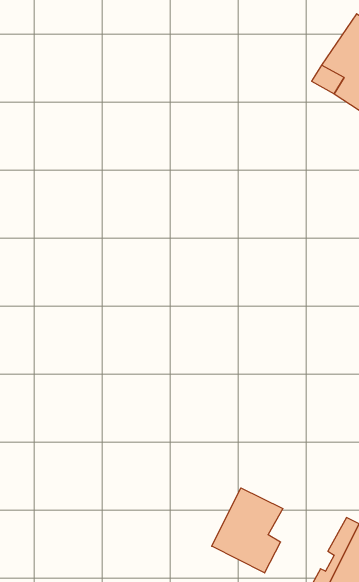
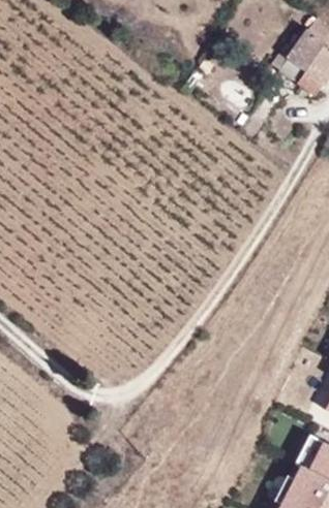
building: [212,488,283,573] -> none

